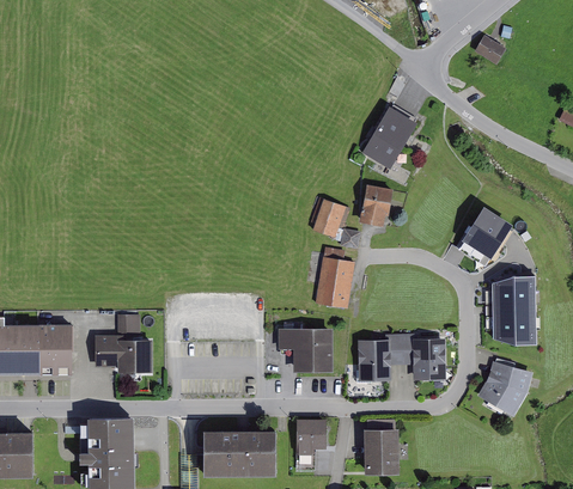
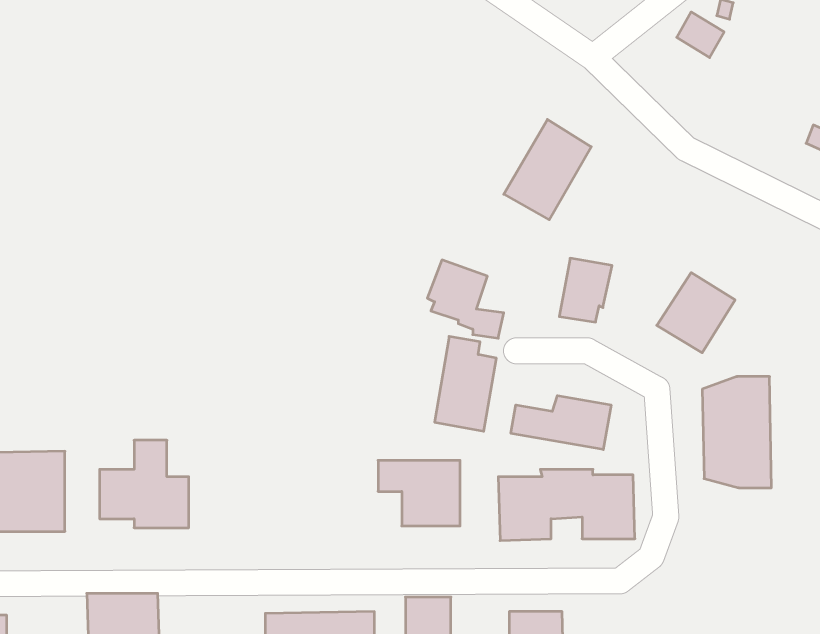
building: [359,184,394,226] -> [559,258,612,322]
building: none -> [511,396,611,450]
building: [476,359,532,416] -> none

